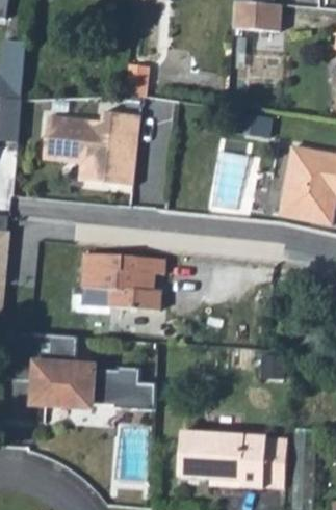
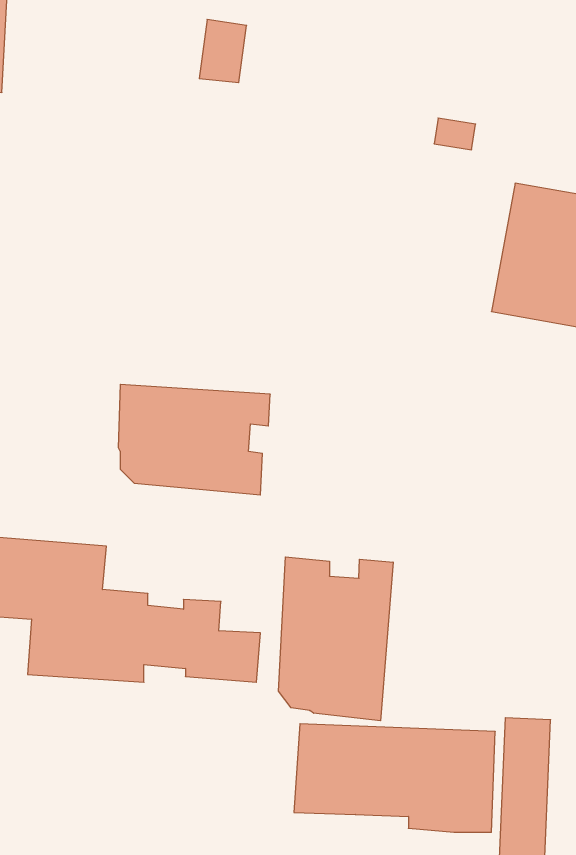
building: [45,111,141,186] -> none
building: none -> [279,557,393,721]

